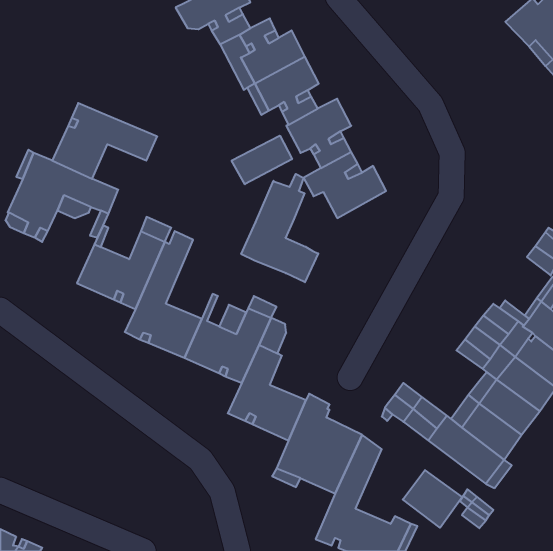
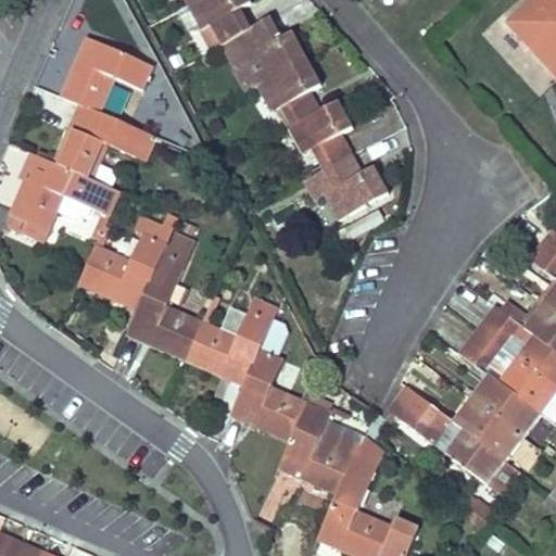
building: none -> [60,36,152,113]
building: [232,136,292,184] -> none
building: [241,174,318,282] -> none
building: [403,470,462,528] -> none

